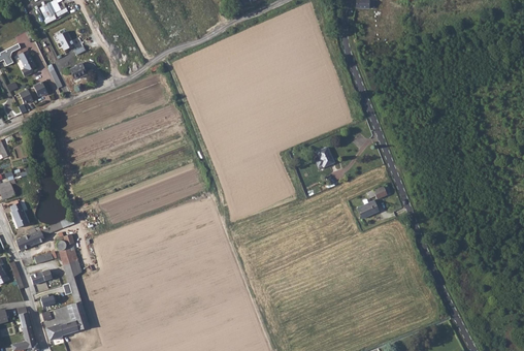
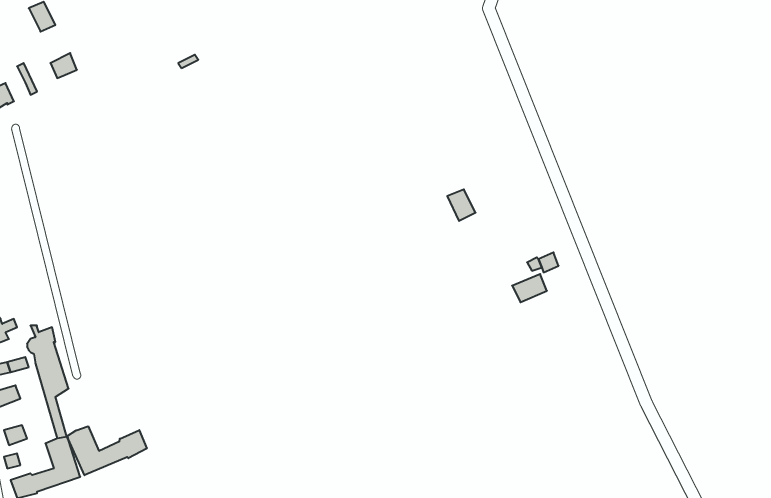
building: none -> [67,426,147,475]

